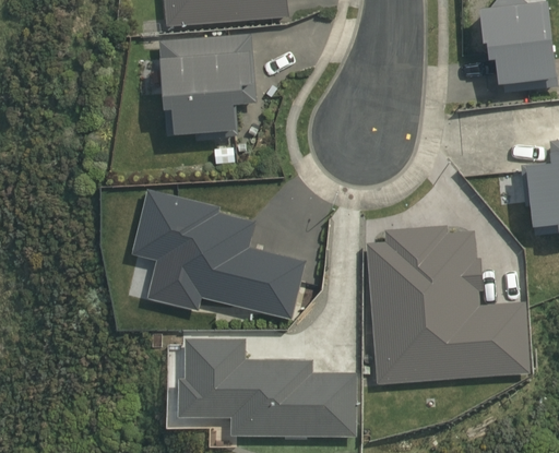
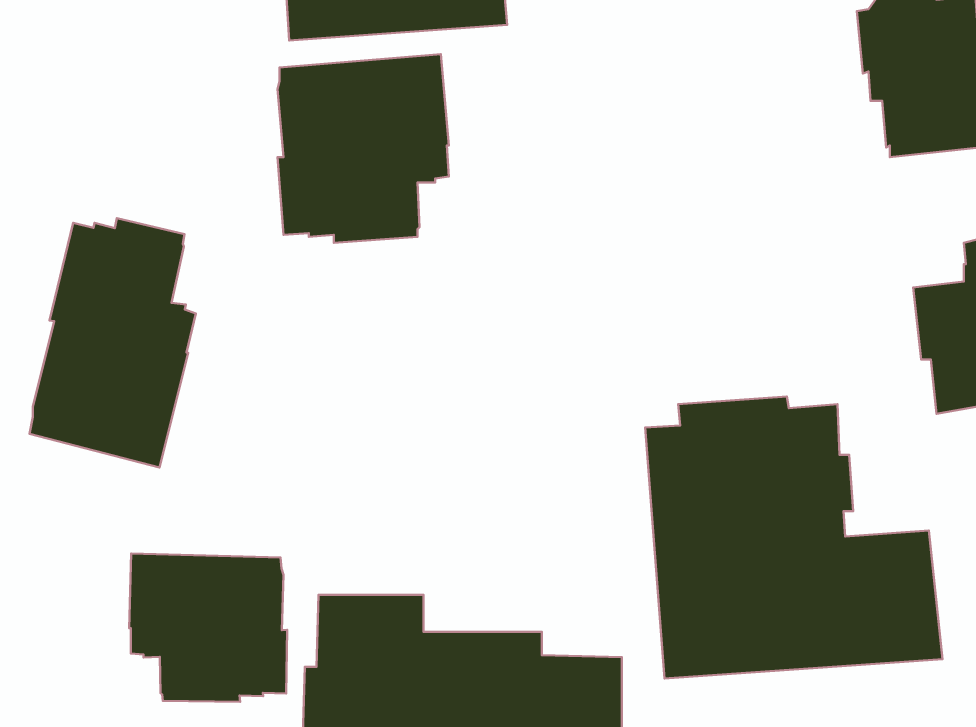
building: none -> [29,218,196,468]
building: [132,189,306,321] -> none
building: none -> [129,554,287,702]

